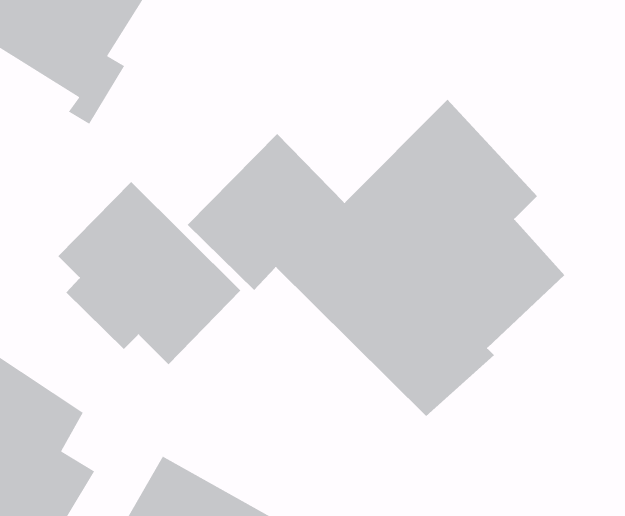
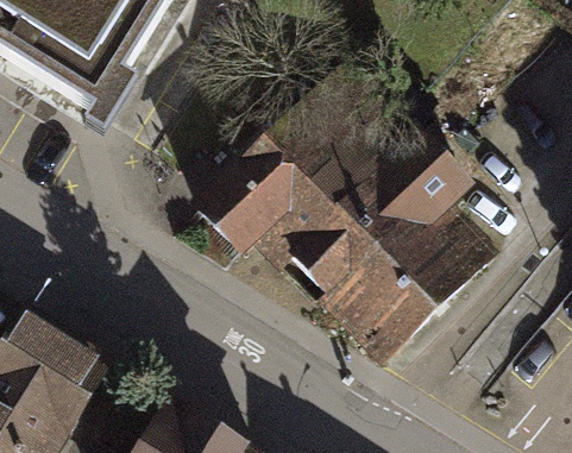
building: [57,181,241,365] -> none

